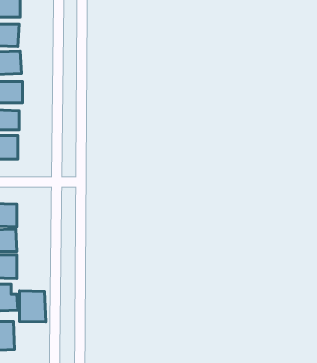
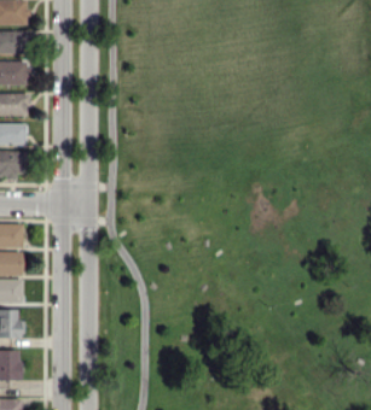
building: [19,291,46,322] -> none

